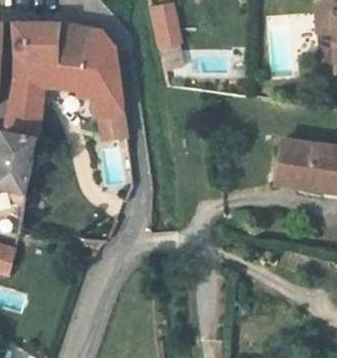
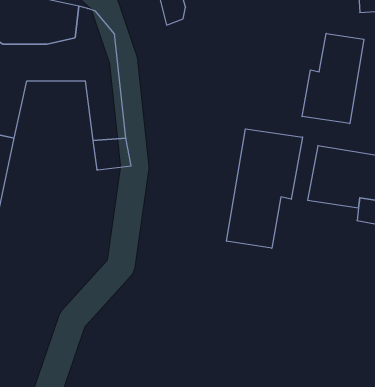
building: none -> [302,33,364,124]
building: none -> [227,129,303,248]

